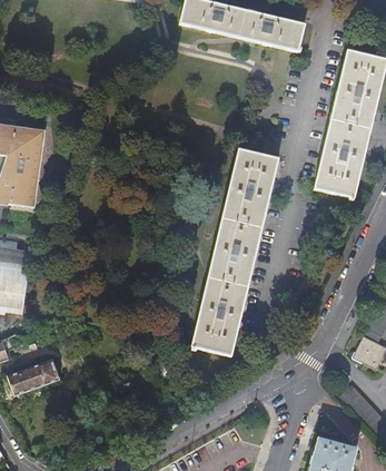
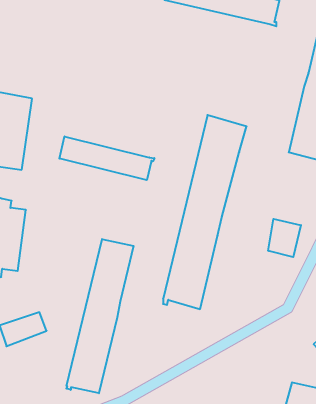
building: none -> [59,136,154,180]
building: none -> [268,219,301,257]
building: none -> [66,239,134,393]

